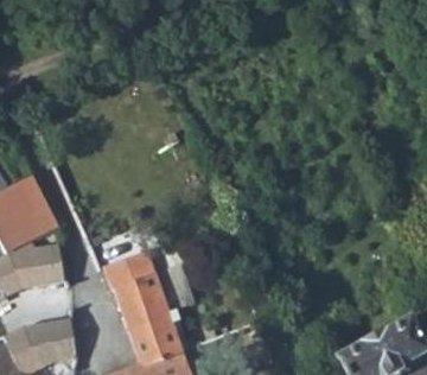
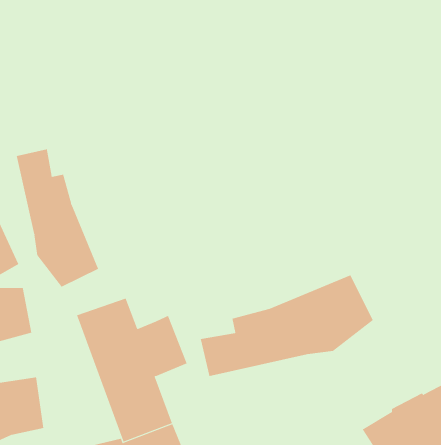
building: none -> [16,148,99,288]
building: none -> [200,275,373,377]

